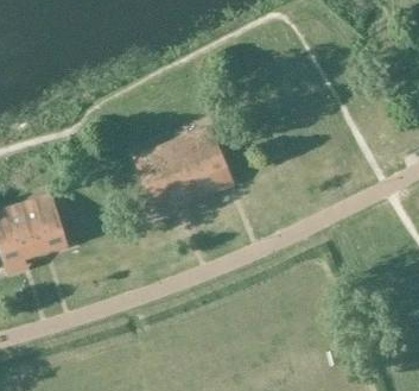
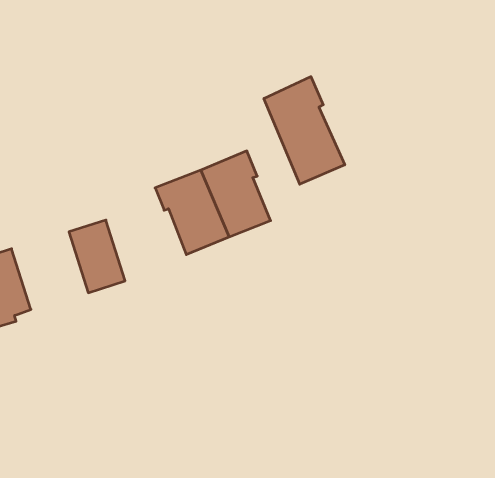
building: none -> [264,77,345,184]
building: [20,196,65,254] -> [69,220,125,293]

